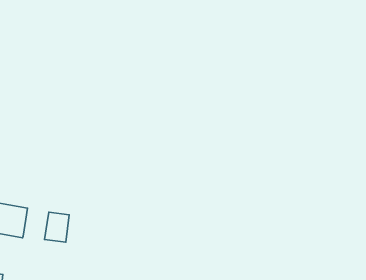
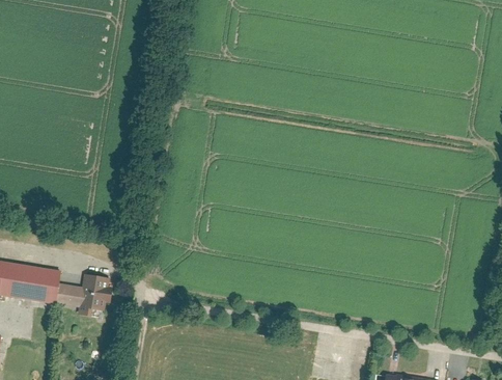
building: none -> [56,284,85,309]

